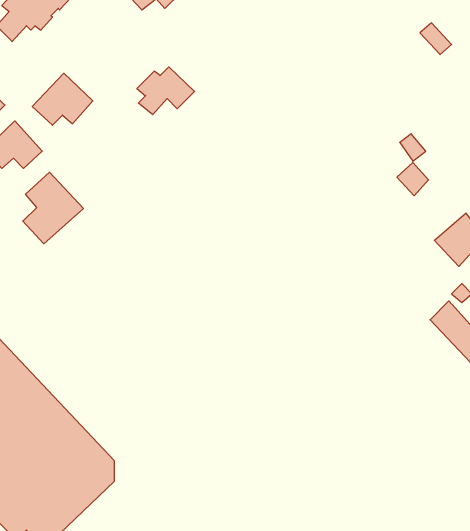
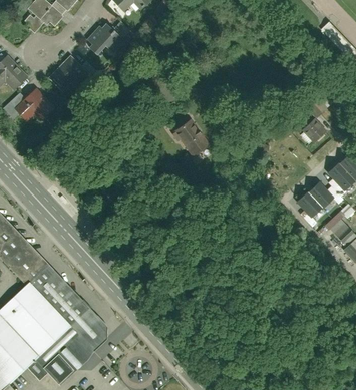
building: [137,67,195,115] -> [86,24,126,57]
building: none -> [175,118,208,152]
building: [23,172,83,244] -> none
building: none -> [299,182,333,216]

